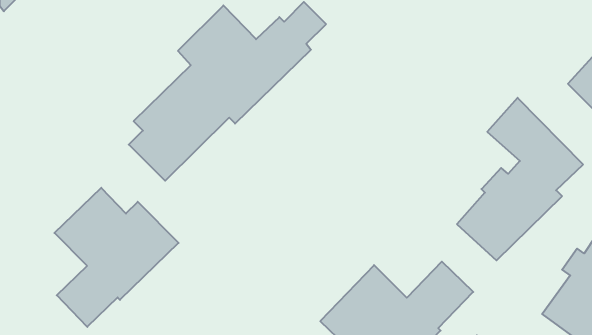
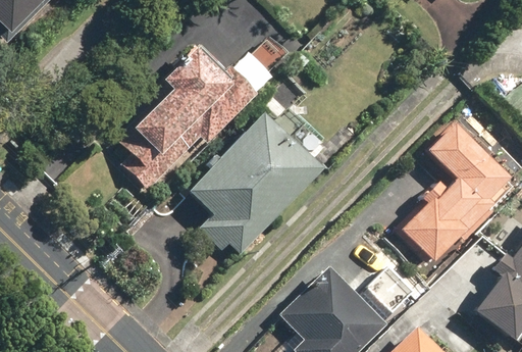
building: none -> [187,99,322,255]
building: [54,188,179,327] -> none

